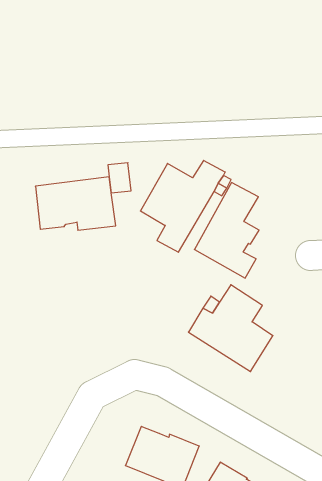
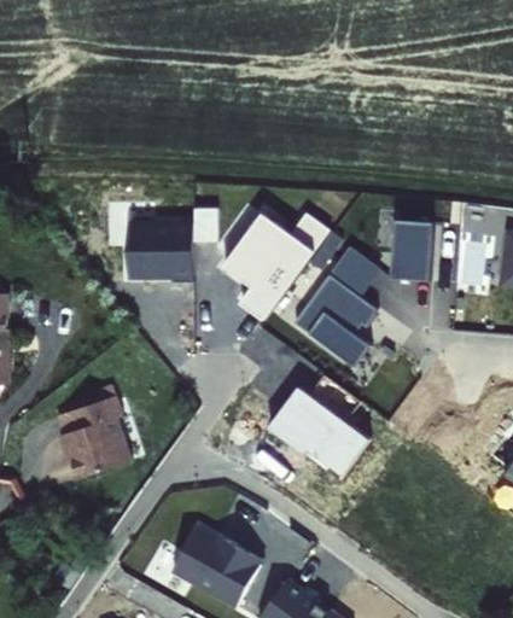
building: none -> [384,221,424,278]
building: none -> [66,396,141,484]

